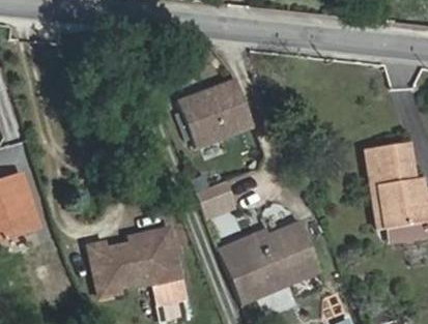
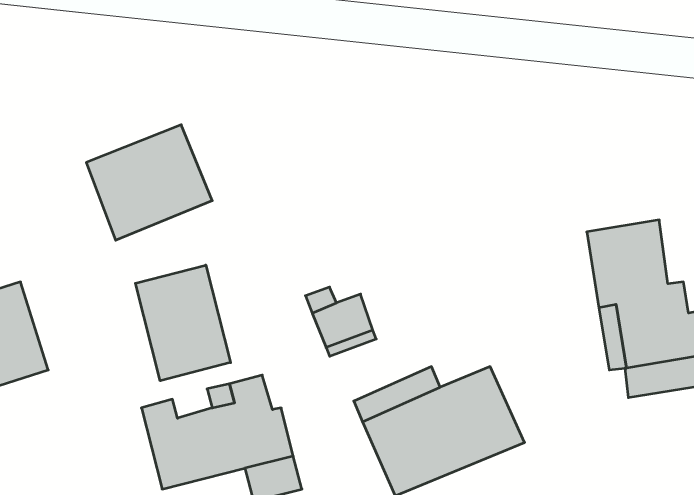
building: [180,83,256,152] -> [86,125,212,240]
building: none -> [135,265,231,381]

